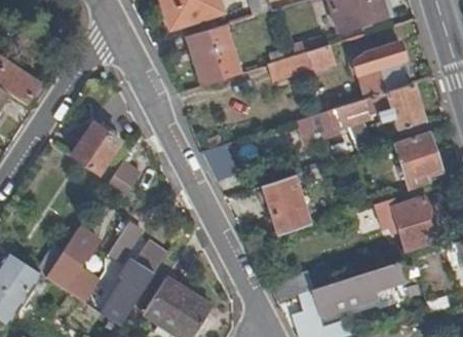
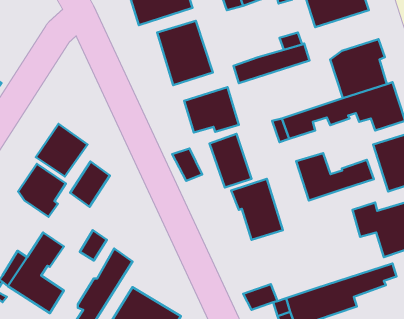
building: none -> [184,87,239,133]
building: none -> [210,134,251,188]
building: none -> [296,153,374,201]
building: none -> [18,164,66,217]

